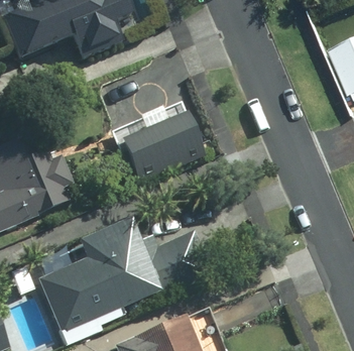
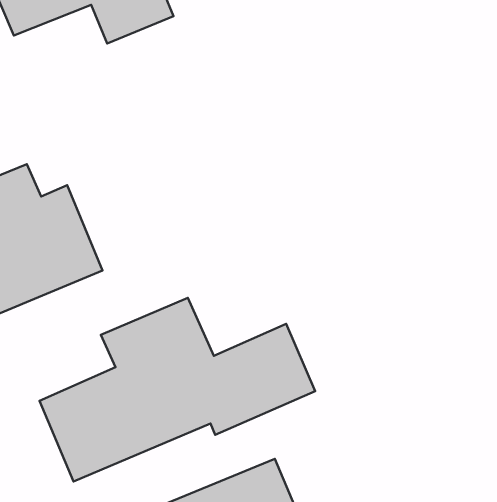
building: [120,108,209,183] -> none

